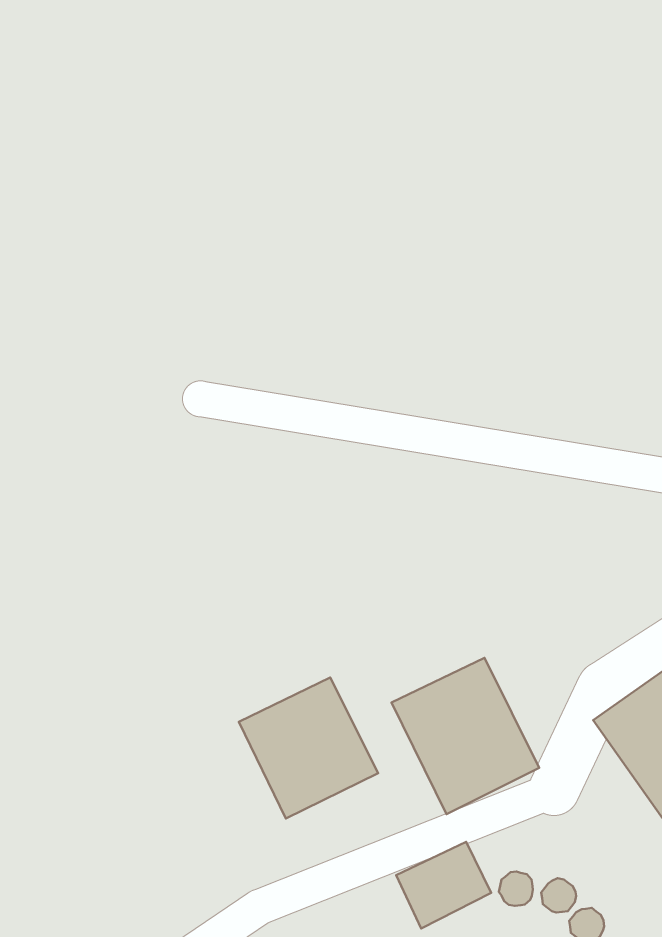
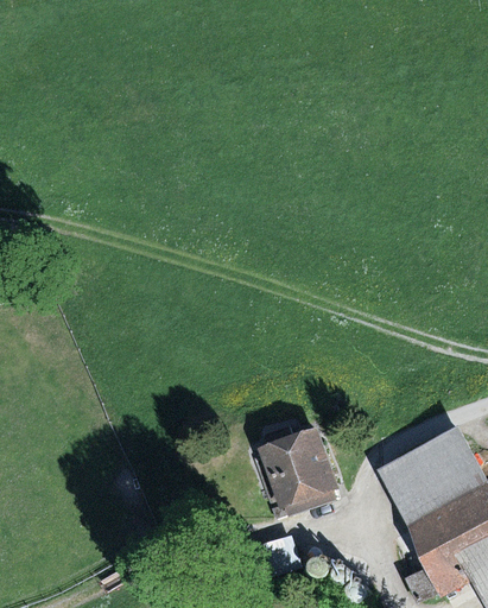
building: [239,677,378,819] -> none

